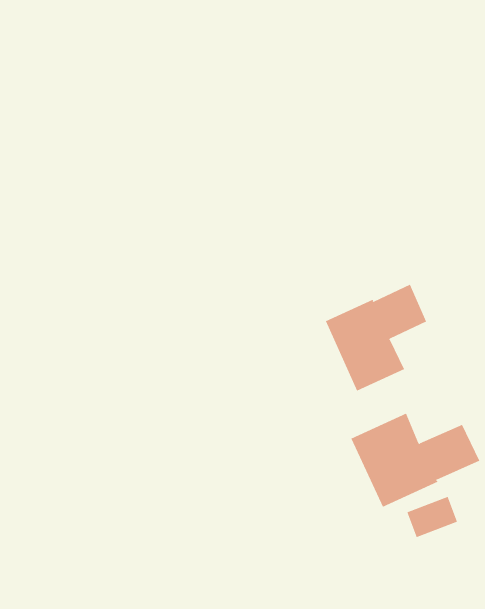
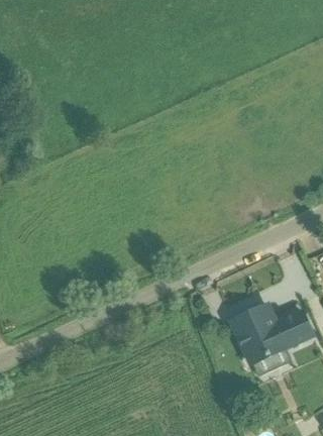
building: [325,284,427,391] -> none

